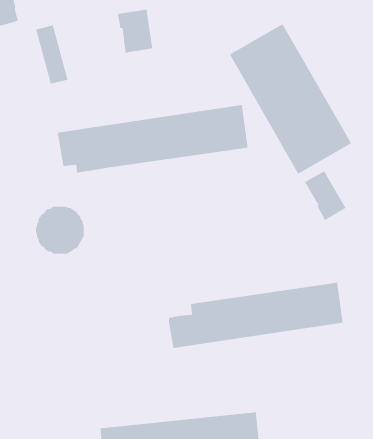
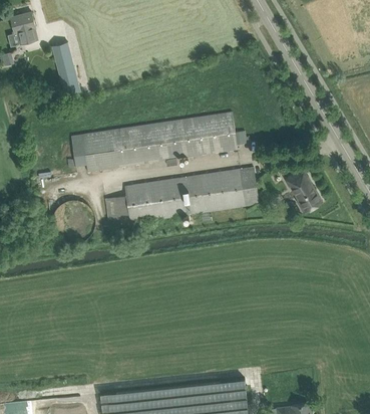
building: [117,9,153,53] -> none
building: [229,23,352,175] -> none
building: [168,282,343,349] -> [105,168,258,226]

